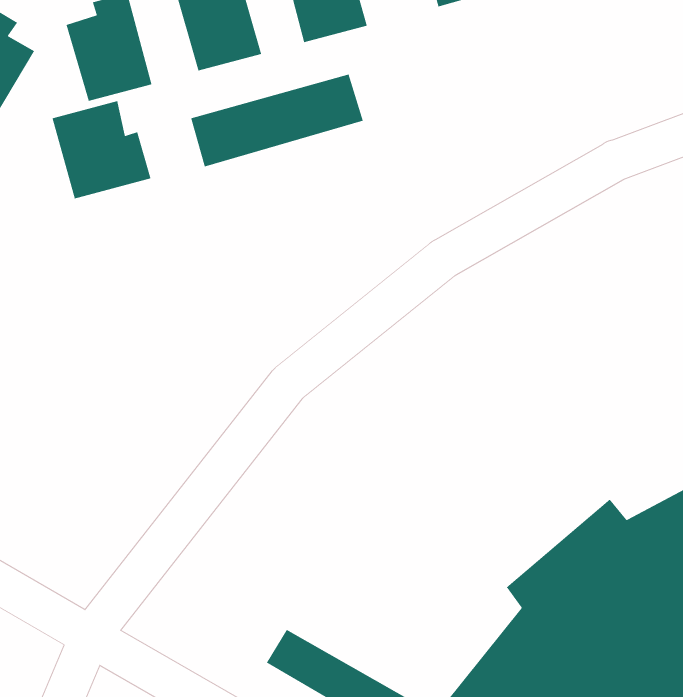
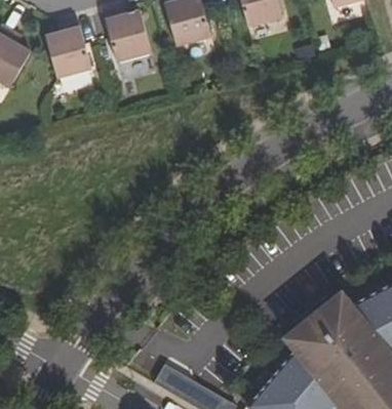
building: [190,73,364,168] -> none
building: [51,100,152,199] -> none

